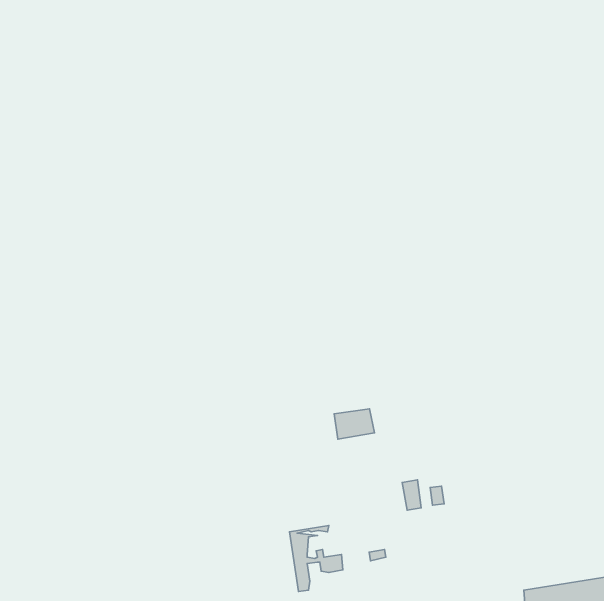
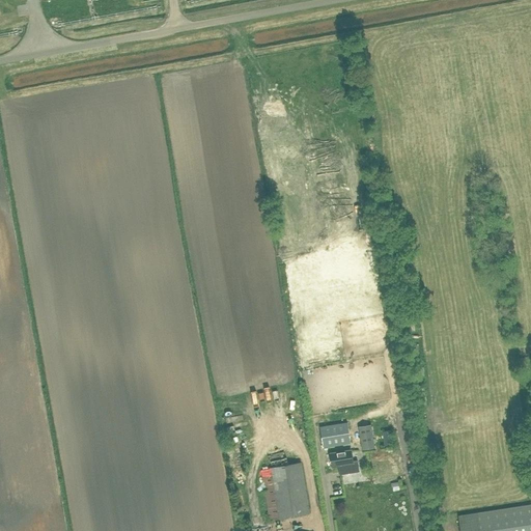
building: [334,409,375,439] -> [319,424,353,449]
building: none -> [330,452,359,476]

